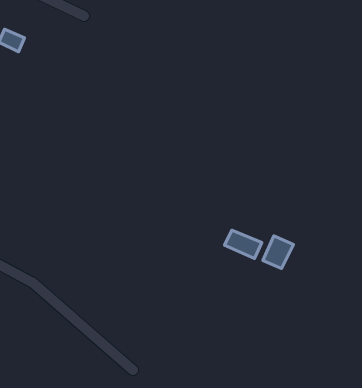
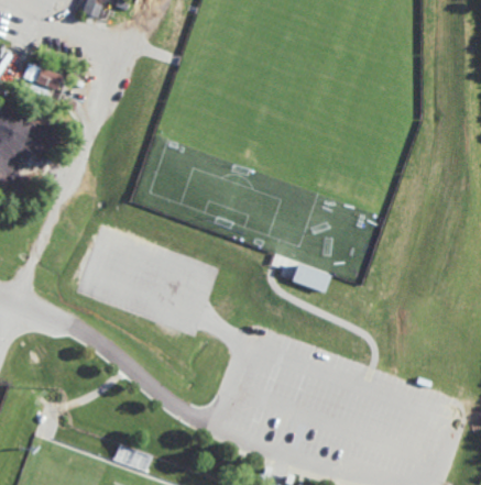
building: [263,236,294,269] -> none

